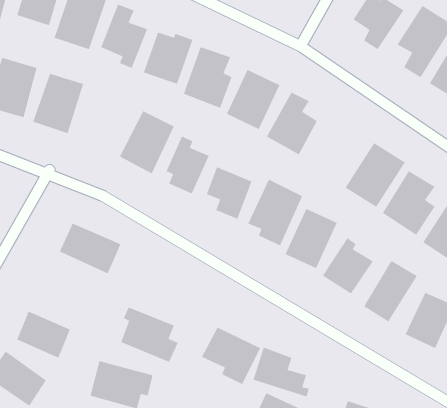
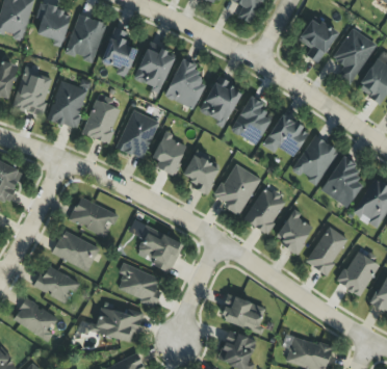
building: none -> [82,93,122,143]
building: none -> [263,114,309,156]
building: none -> [51,229,100,271]
building: [201,326,261,385] -> [137,227,184,272]

